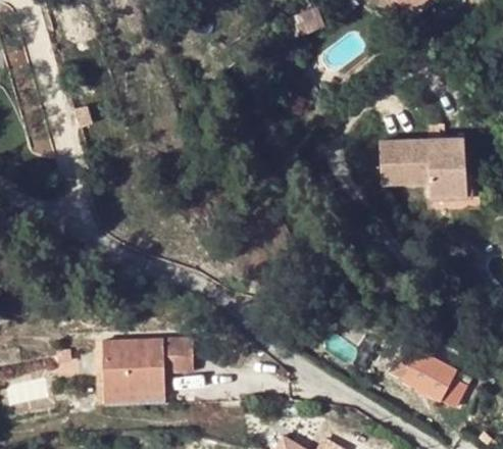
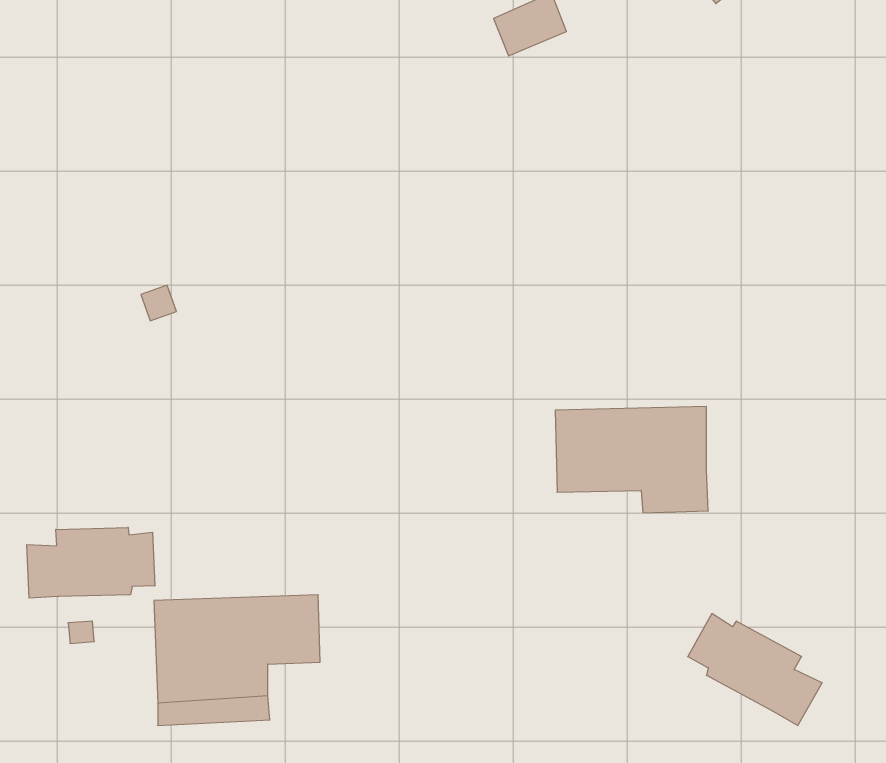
building: [383,139,466,197] -> [555,406,708,513]
building: none -> [27,527,155,598]

